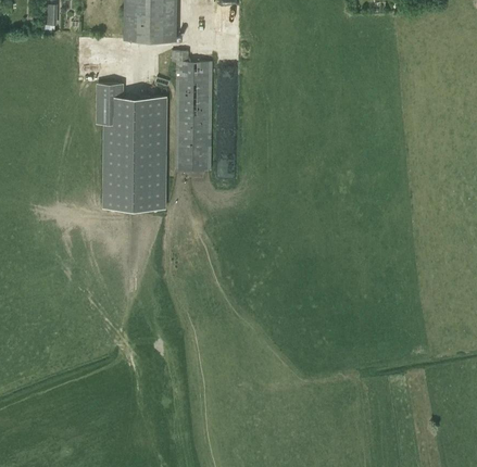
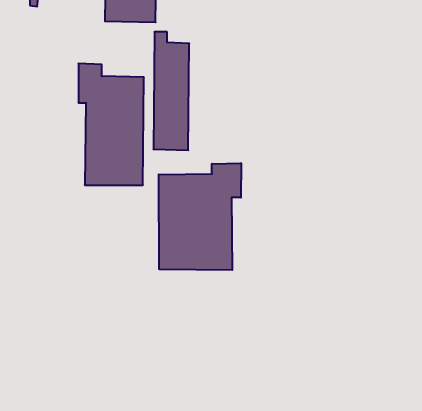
building: none -> [159,163,241,270]

